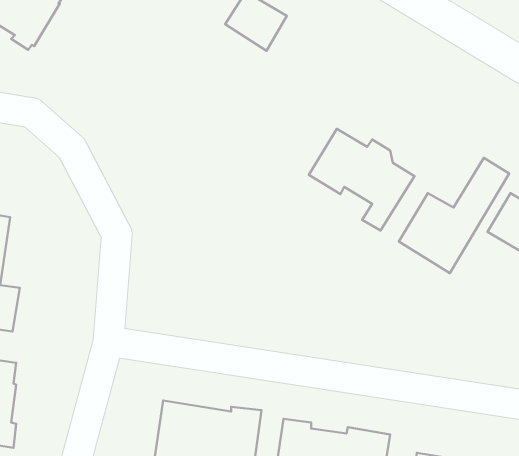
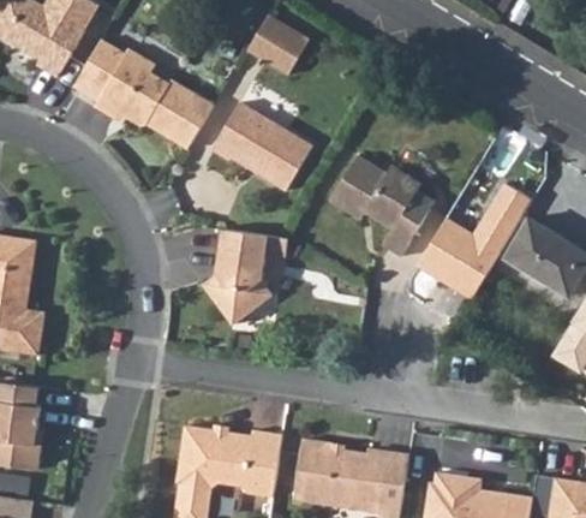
building: none -> [73,40,215,149]
building: none -> [213,103,313,191]
building: none -> [203,228,289,323]

